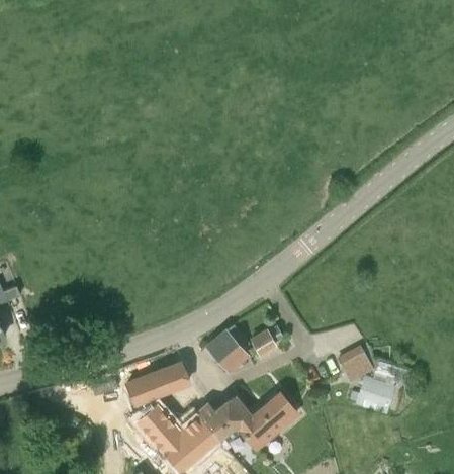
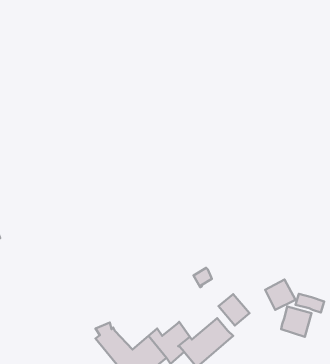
building: [207,327,247,371] -> none
building: none -> [219,294,249,326]
building: [127,364,189,404] -> none

